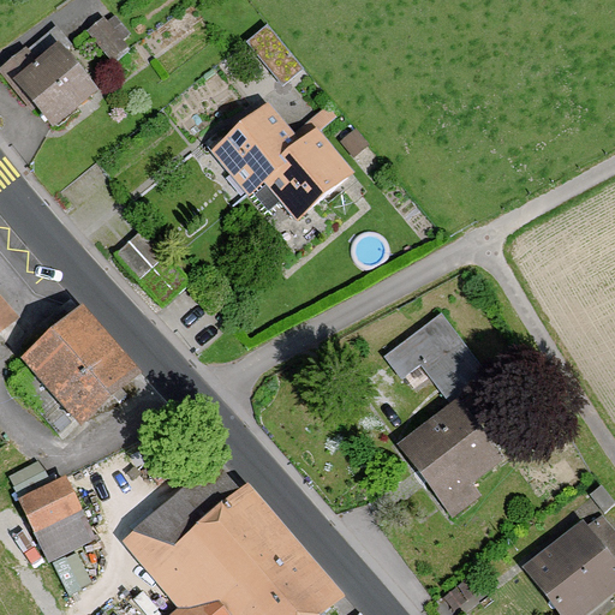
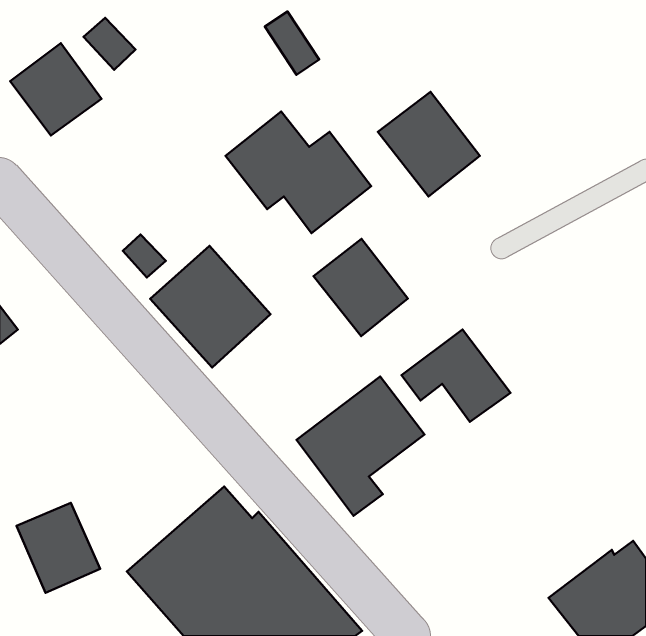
building: none -> [378,92,480,196]
building: none -> [314,239,408,336]
building: [29,310,143,425] -> [150,246,270,367]
building: [401,386,523,518] -> [297,376,425,516]

